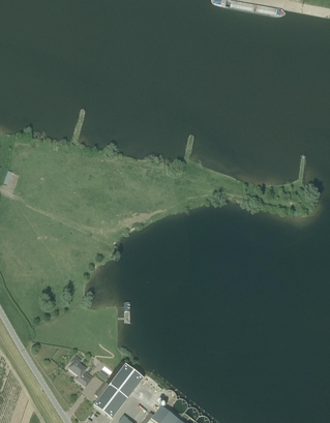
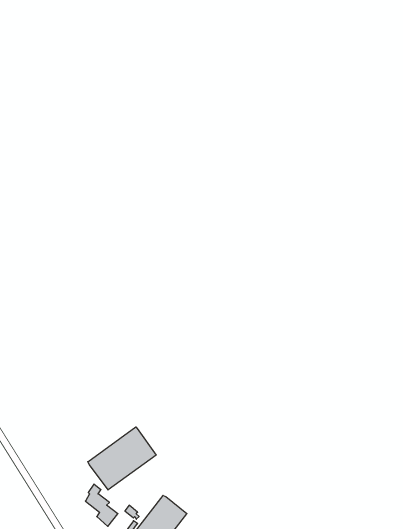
building: none -> [88,427,156,490]

